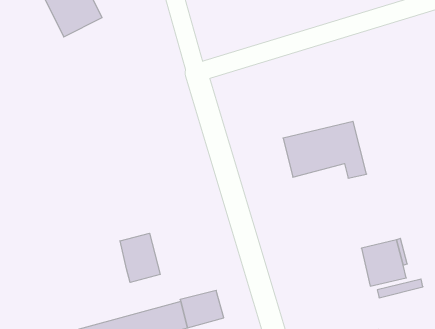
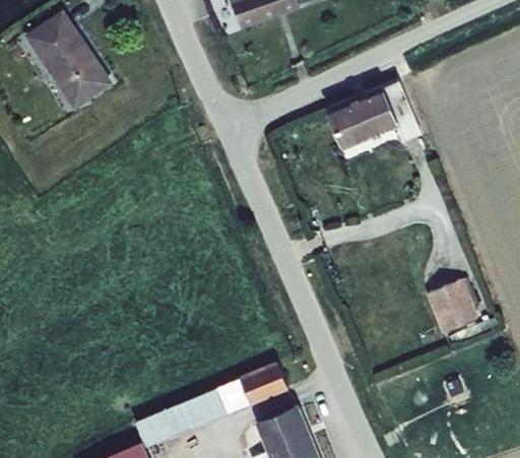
building: [283,121,367,178] -> [326,81,421,150]
building: [120,233,160,282] -> none

